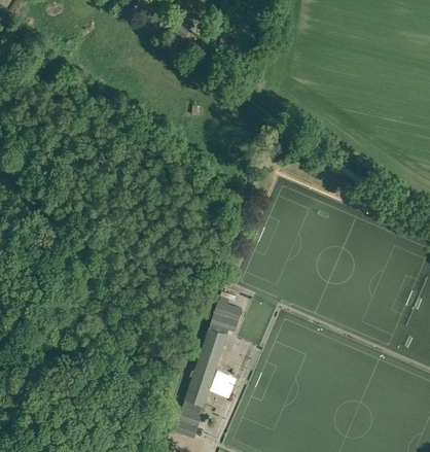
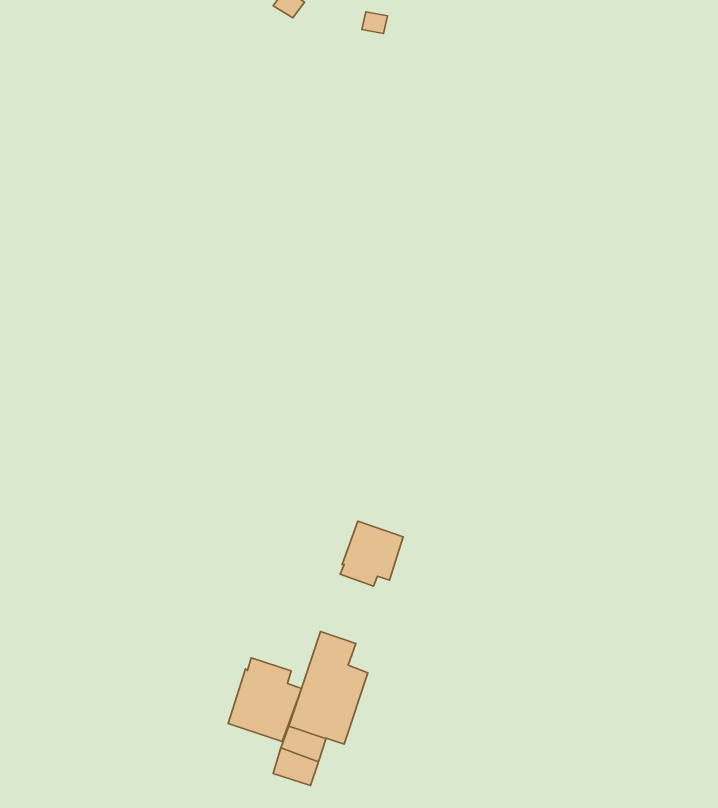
building: [199,328,226,364] -> none
building: none -> [228,658,301,742]

